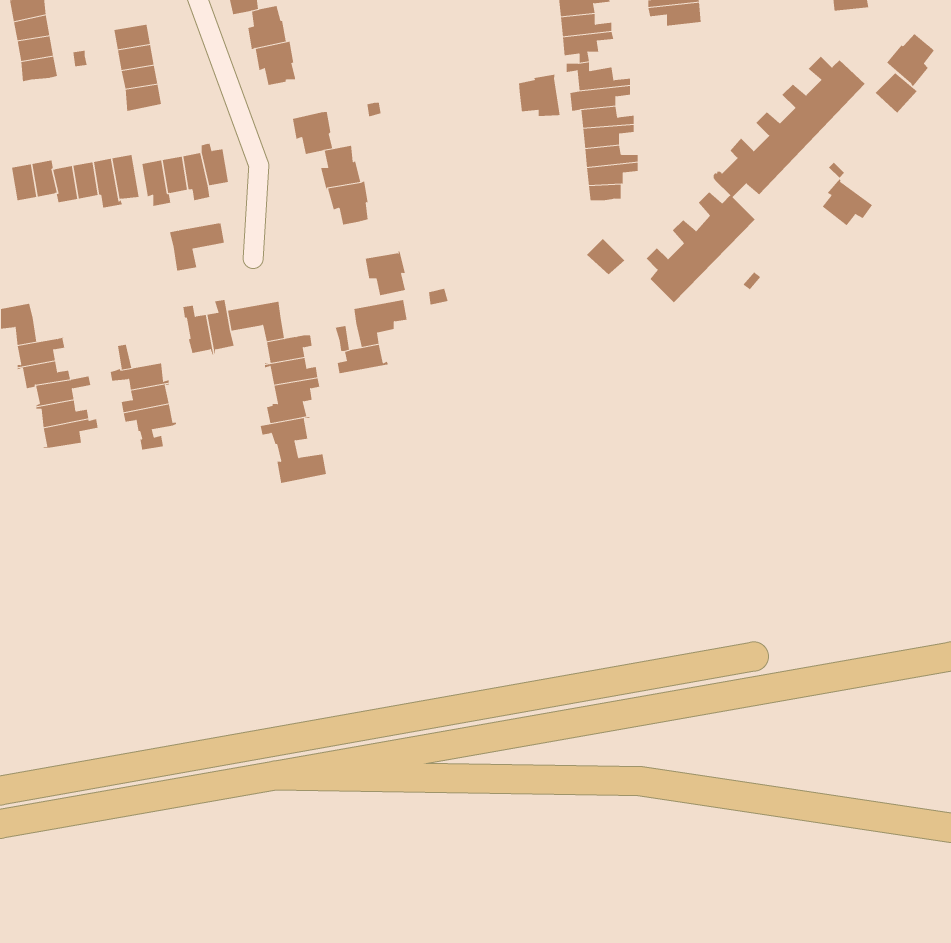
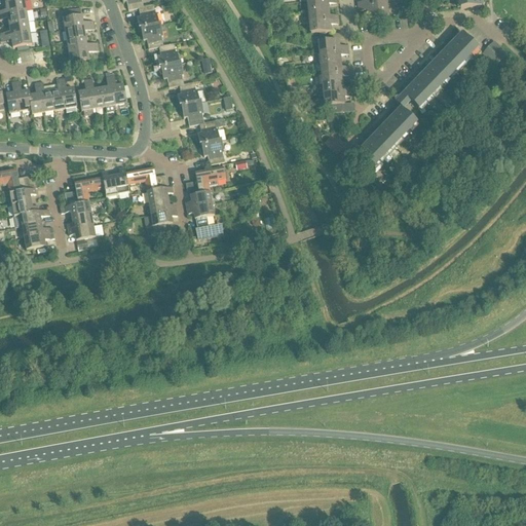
building: [883,33,935,87] -> none
building: [518,74,560,117] -> none
building: none -> [156,41,179,66]
building: [822,179,873,226] -> none
building: none -> [197,117,225,144]
building: [169,223,225,271] -> [74,176,105,202]
building: [260,417,327,484] -> [187,201,224,238]

